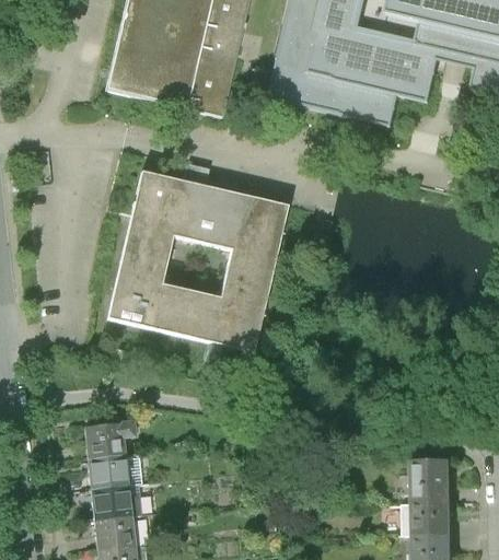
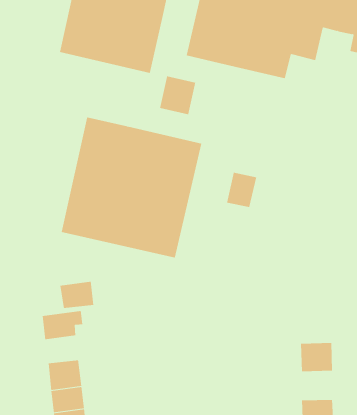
building: none -> [159,75,196,115]
building: none -> [226,172,257,208]
building: [88,448,131,483] -> [60,281,94,309]
building: [414,493,454,530] -> none

